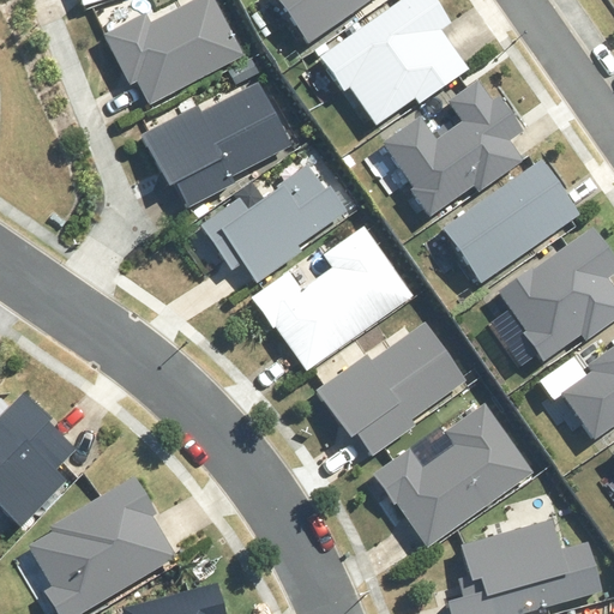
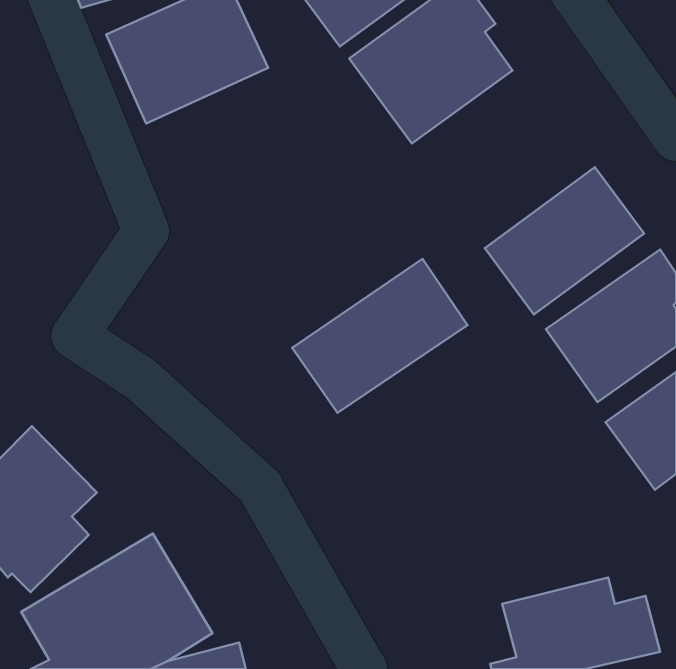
building: [140,76,290,203] -> none
building: [378,85,526,218] -> none
building: [211,143,375,294] -> none
building: [321,318,484,469] -> none
building: [378,409,529,549] -> none

